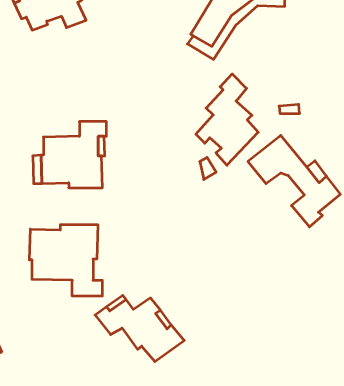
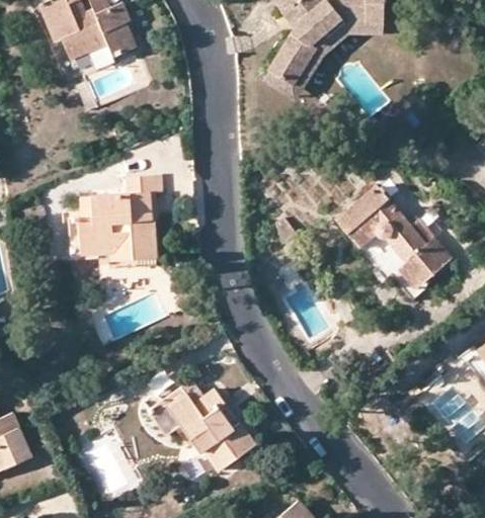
building: [196,74,258,165] -> none
building: [29,225,102,296] -> none

